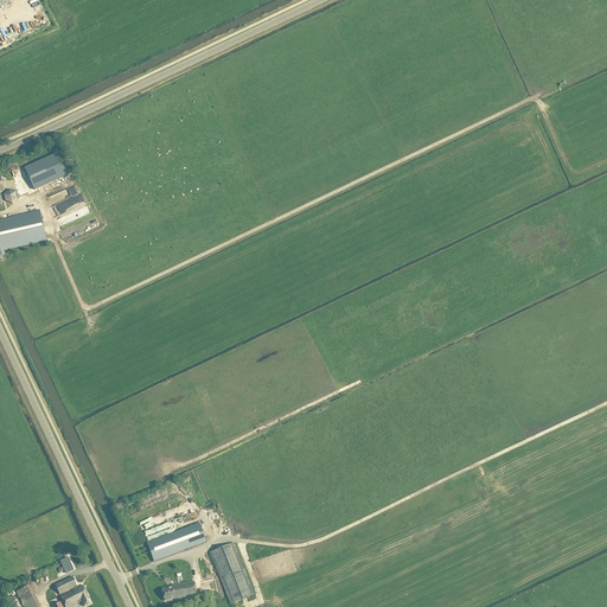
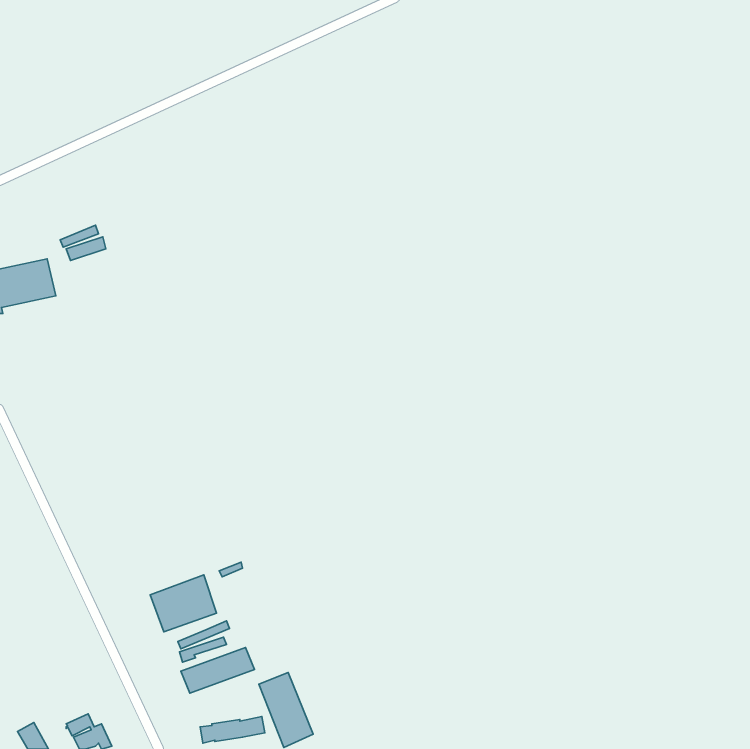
building: [26,153,69,190] -> none
building: none -> [150,575,216,632]

